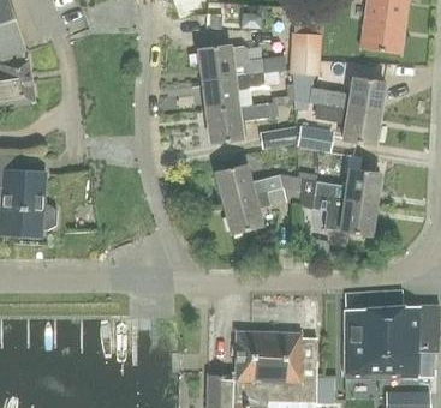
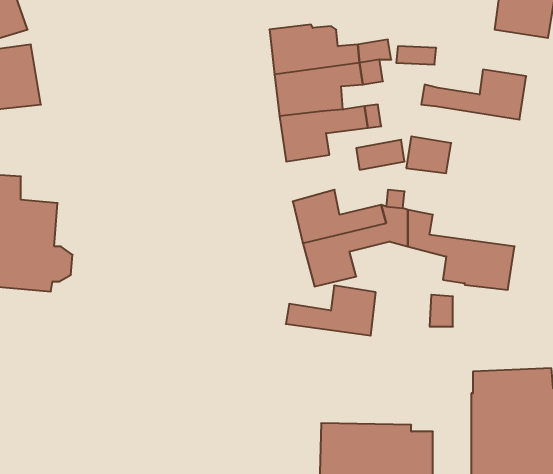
building: [291,34,320,61] -> none
building: [316,103,379,145] -> none
building: [314,168,379,204] -> [286,286,376,336]

